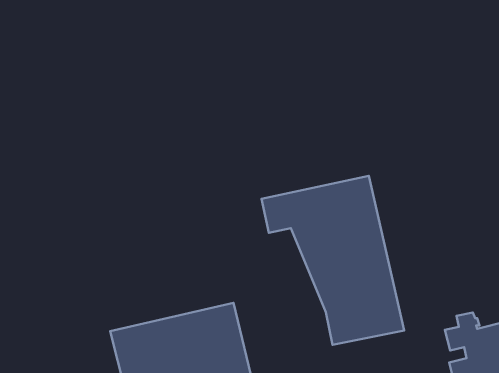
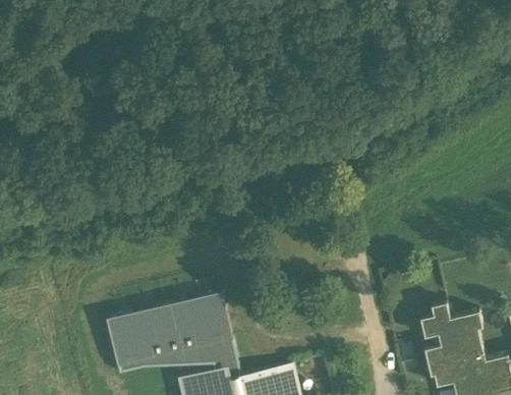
building: [261,176,404,345] -> none

